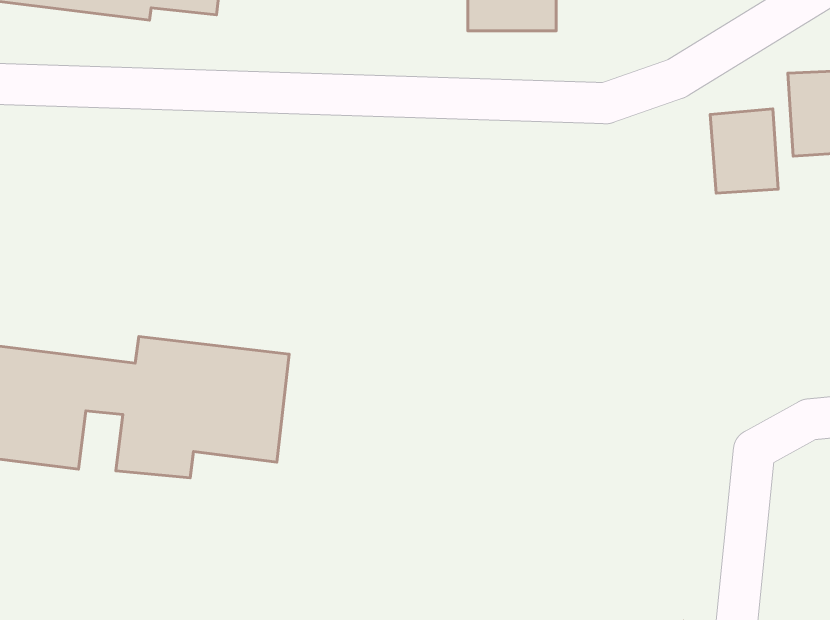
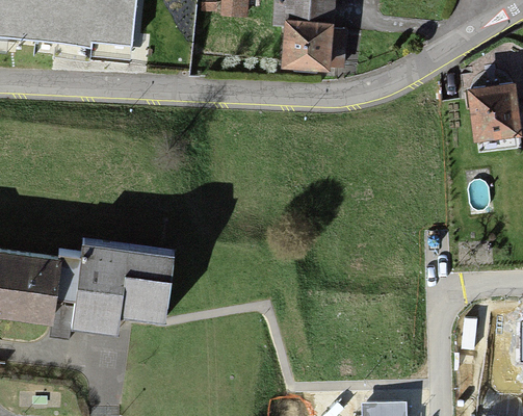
building: [710,109,778,193] -> none

